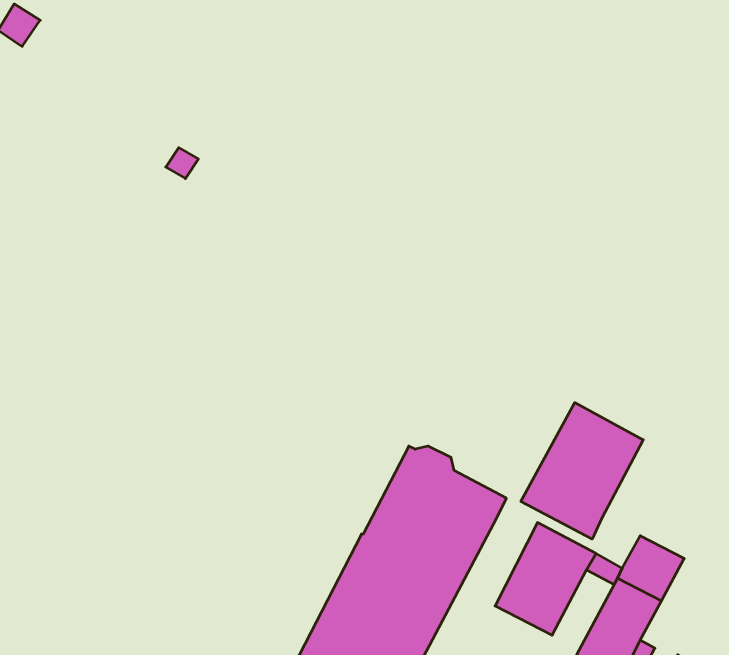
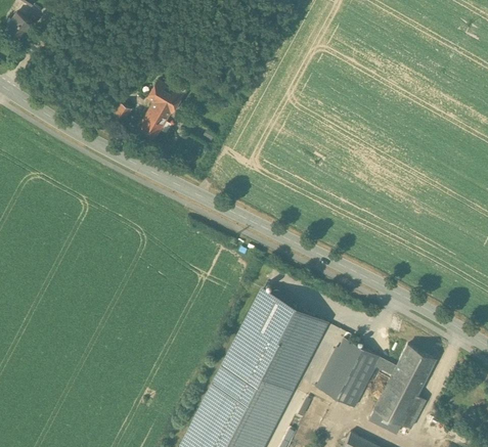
building: none -> [137,82,181,140]
building: [521,403,643,539] -> none

